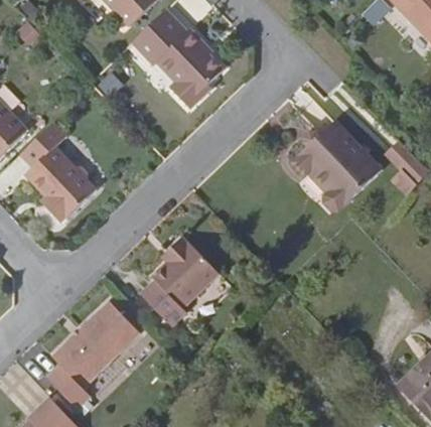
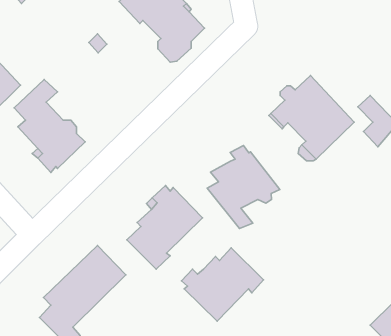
building: none -> [207,145,280,229]
building: none -> [181,248,263,321]

